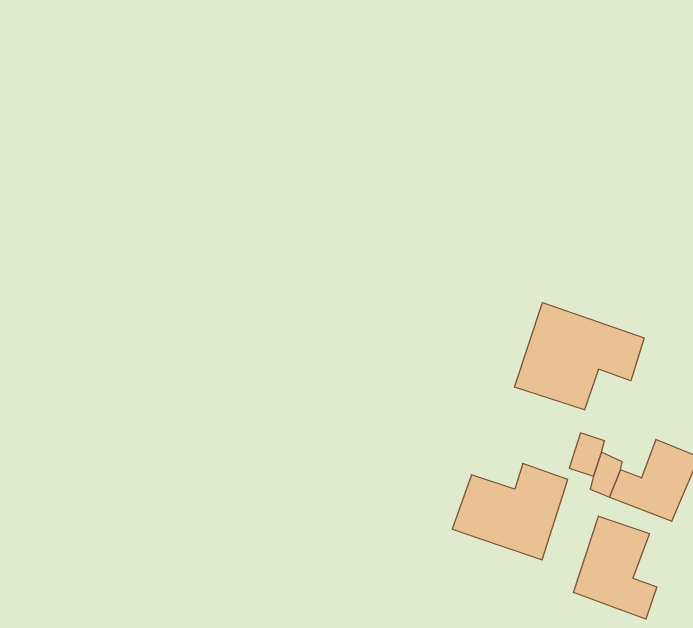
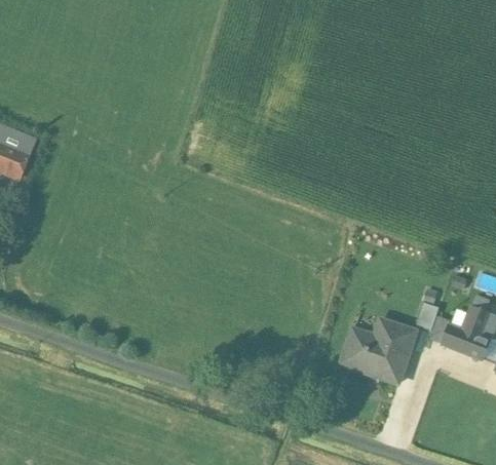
building: [514,303,644,410] -> none
building: [573,516,657,619] -> none

